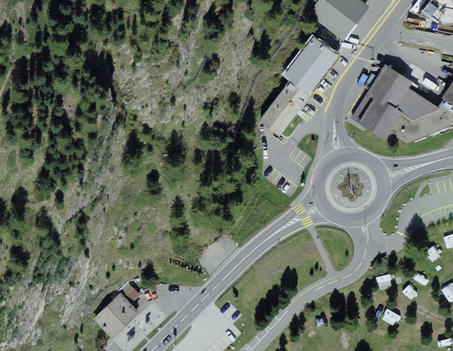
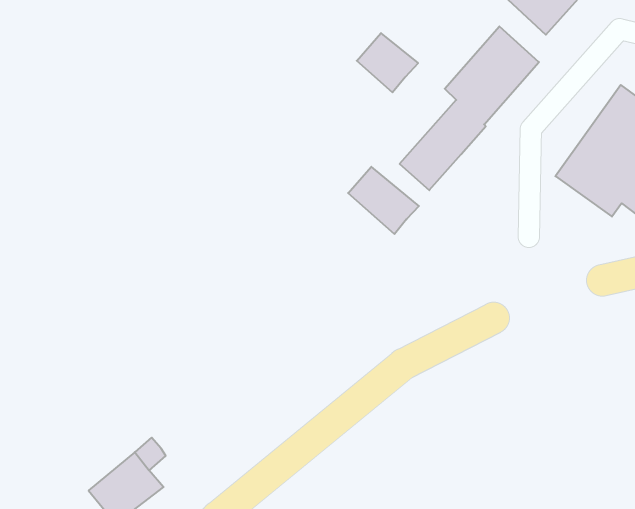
building: none -> [357,33,418,92]
building: none -> [348,167,419,234]

